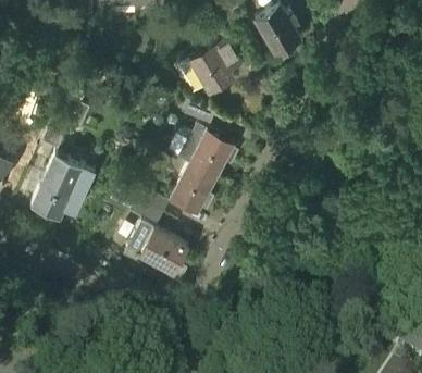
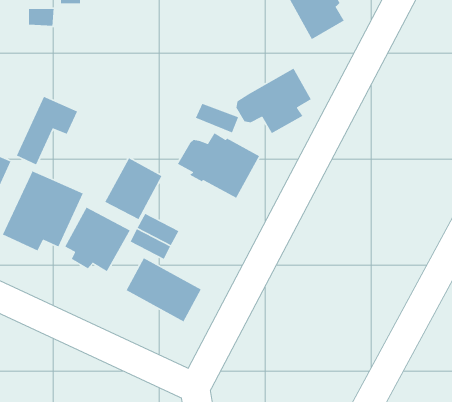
building: [181,38,240,90] -> [235,67,312,134]
building: [170,162,215,211] -> [104,158,163,220]
building: none -> [64,207,131,272]

